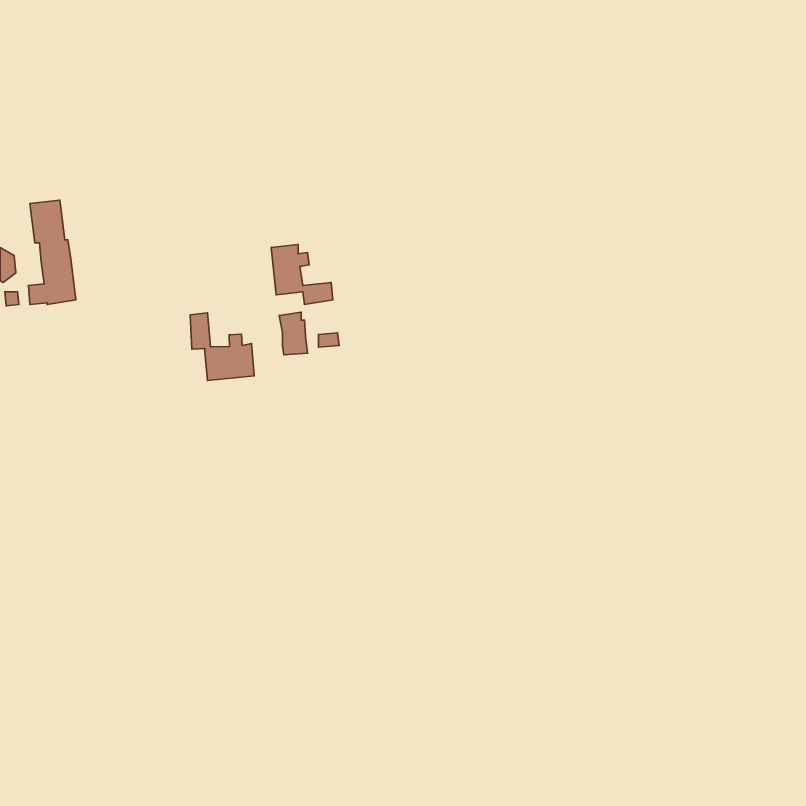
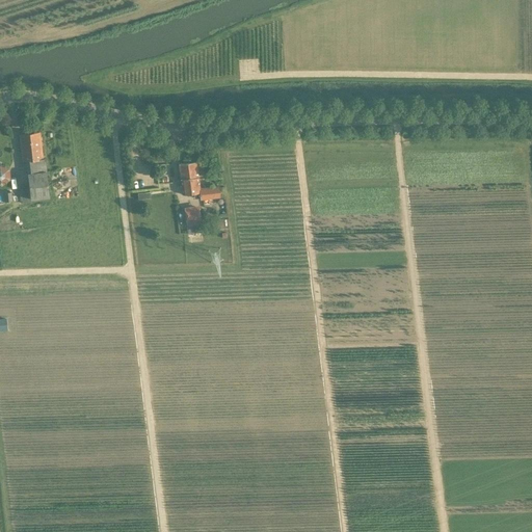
building: [190,313,254,381] -> none

